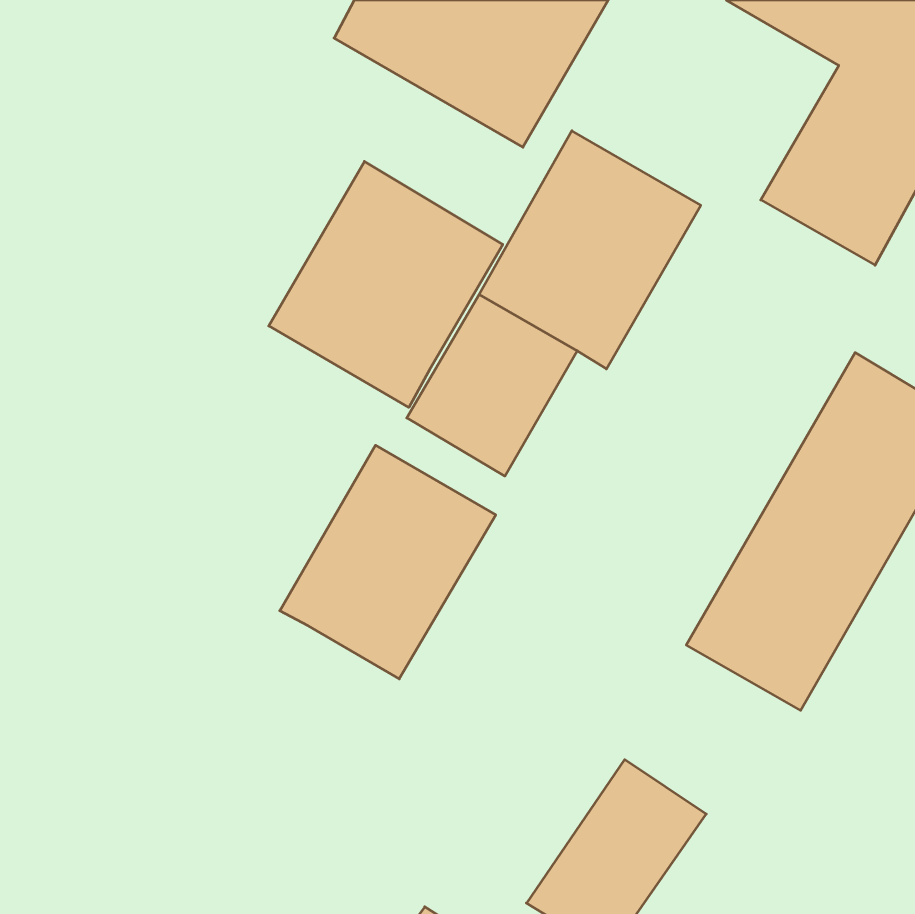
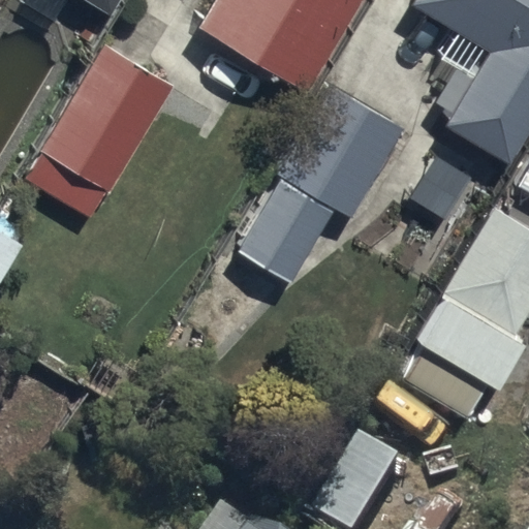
building: none -> [27,40,174,213]
building: [269,161,503,407] -> none
building: [280,445,496,679] -> none

